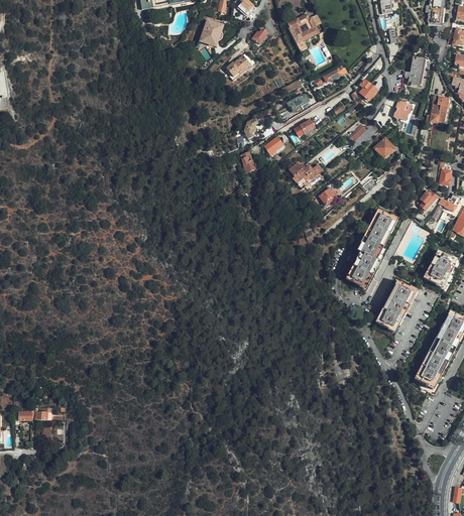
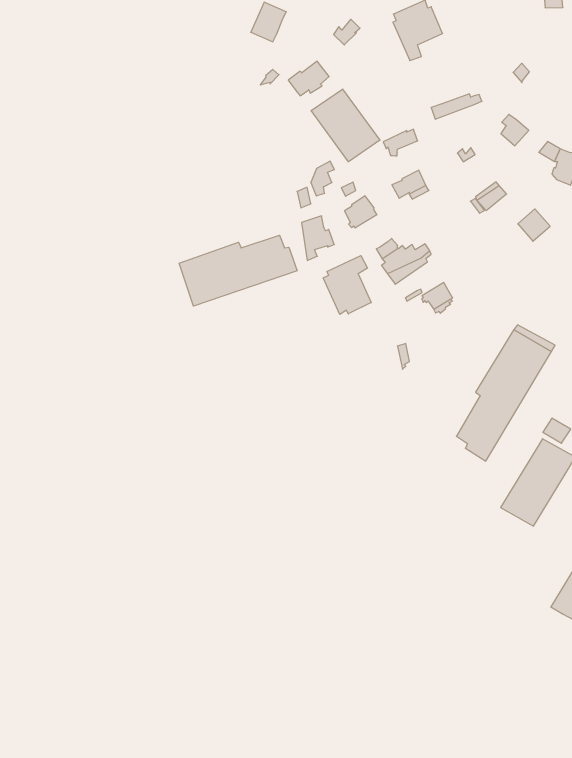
building: none -> [311,89,380,162]
building: none -> [179,235,297,306]
building: none -> [323,256,371,314]

